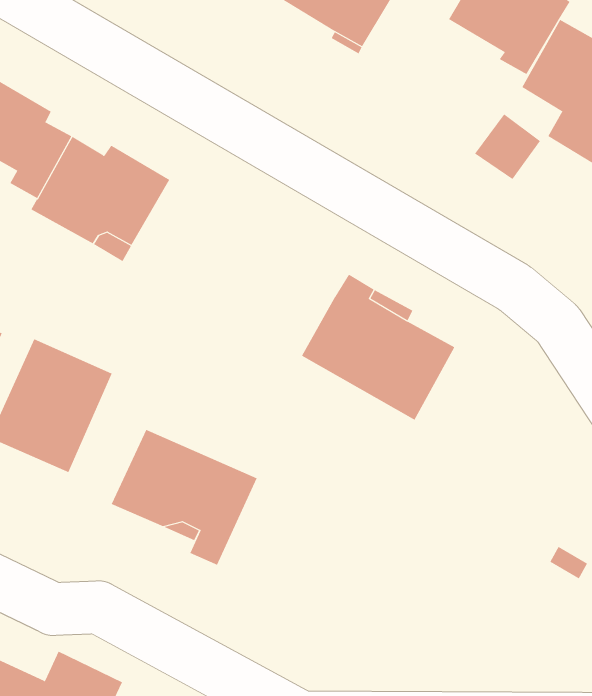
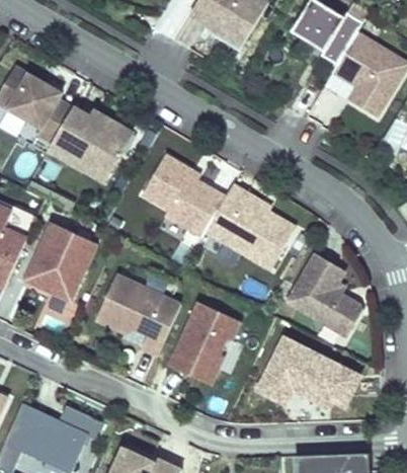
building: none -> [142,155,225,236]
building: none -> [286,254,359,334]
building: none -> [168,301,239,384]
building: none -> [255,338,357,408]

